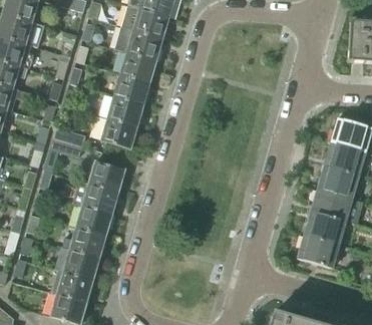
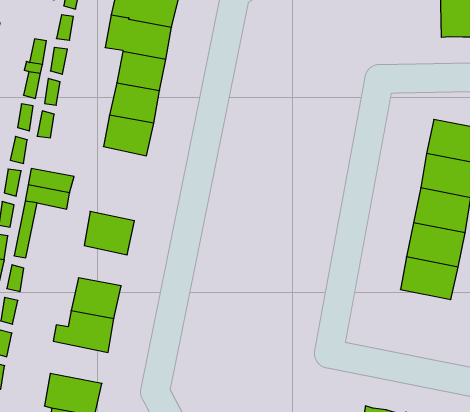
building: [101,115,137,147] -> none
building: [73,180,118,213] -> none
building: [298,232,339,266] -> none
building: [56,247,99,279] -> none

